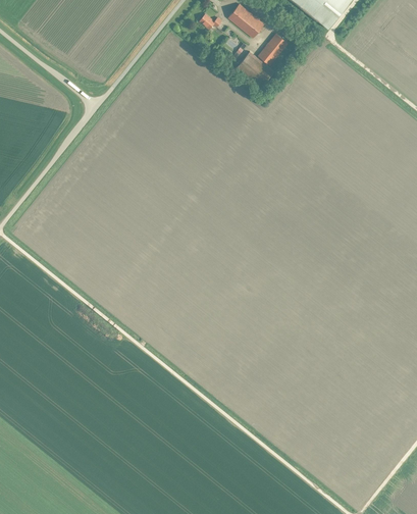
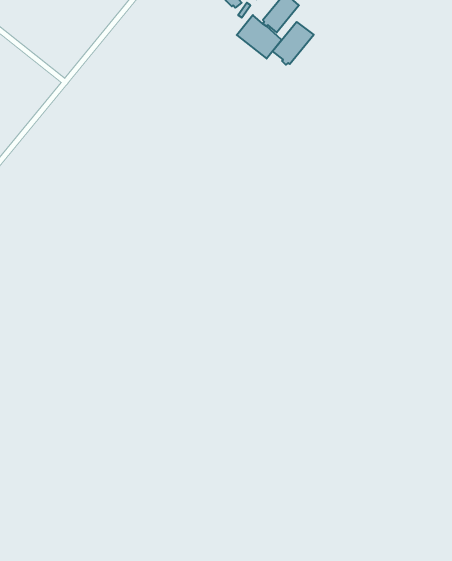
building: none -> [273,22,314,65]

